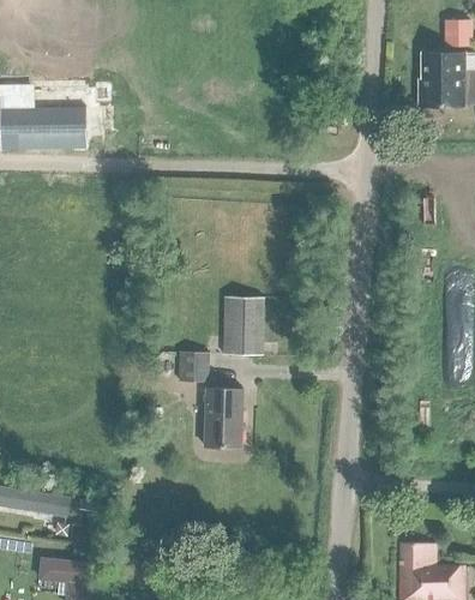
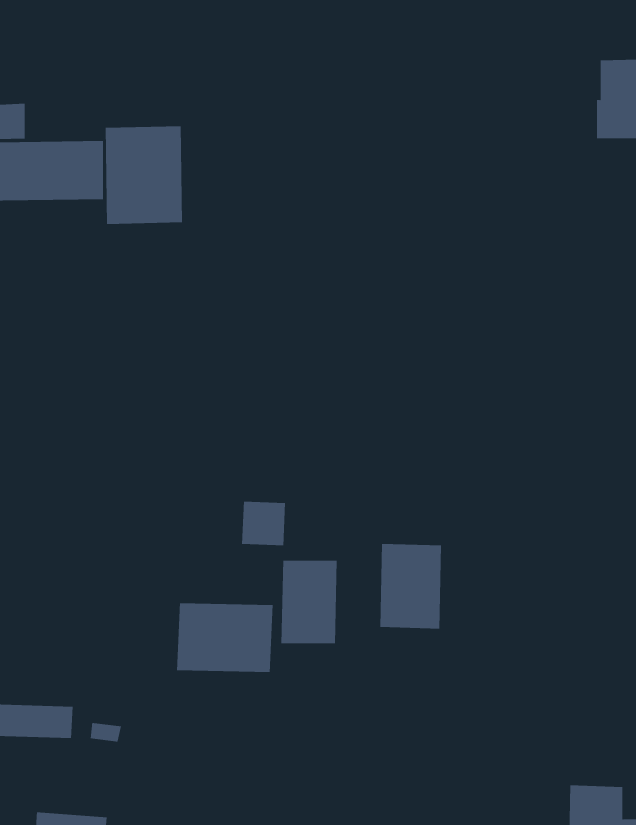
building: none -> [105,125,183,225]
building: [222,295,264,353] -> [379,543,442,629]
building: none -> [177,602,273,673]

